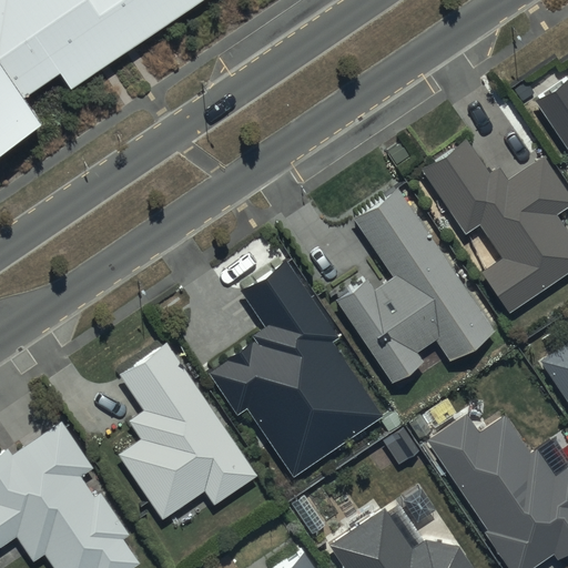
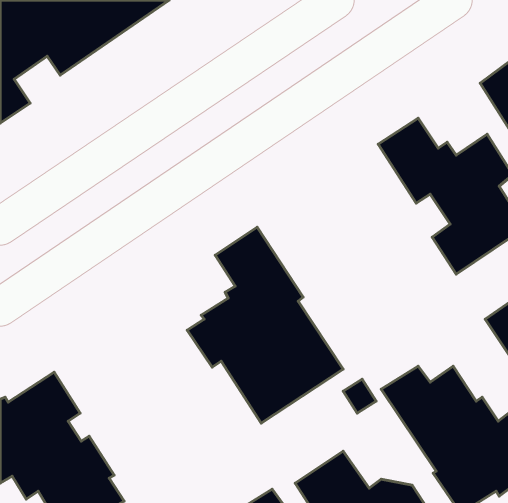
building: [336,187,495,382] -> none
building: [119,343,256,519] -> none

